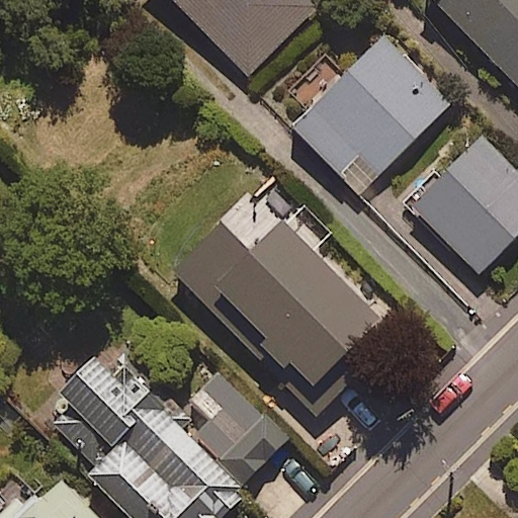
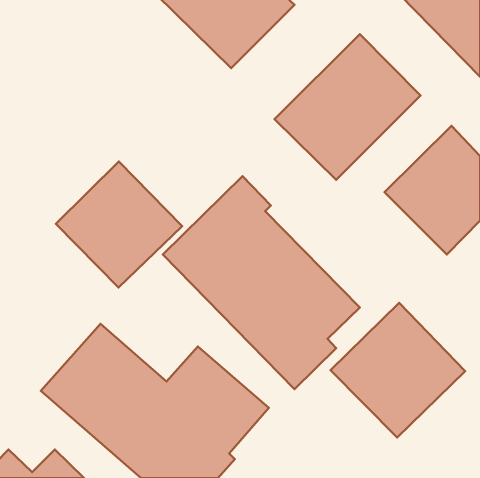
building: none -> [56,161,182,288]
building: none -> [330,303,465,438]

